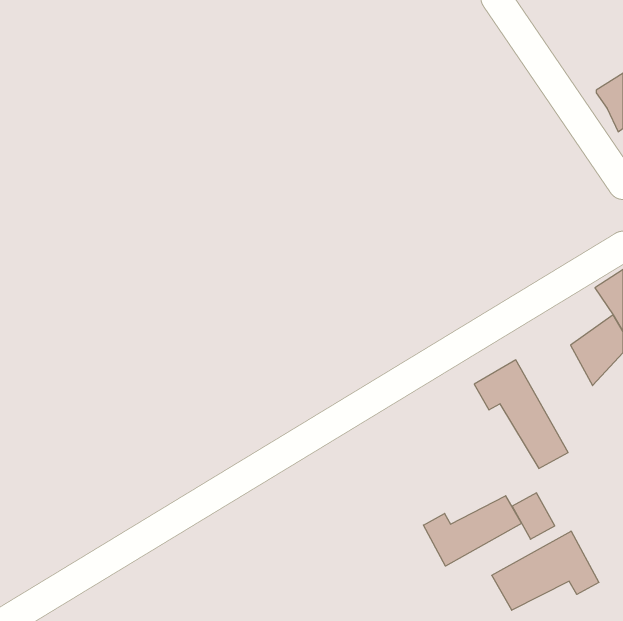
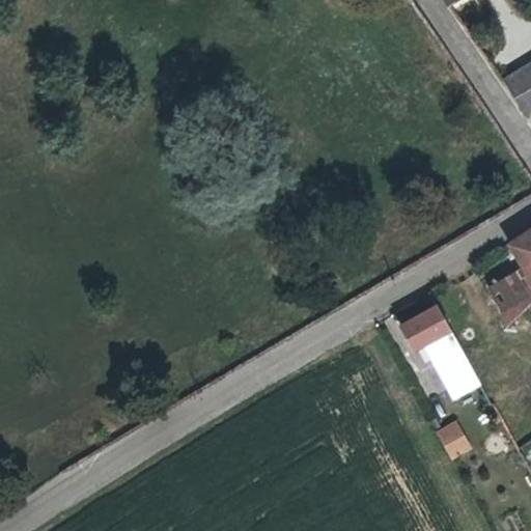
building: [423,496,522,566] -> none
building: [492,531,599,610] -> none

